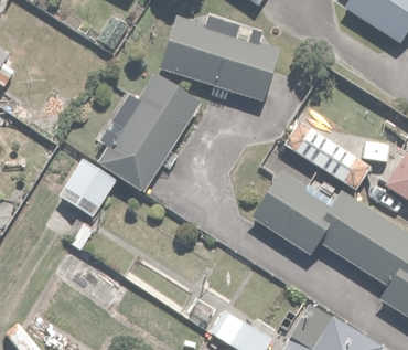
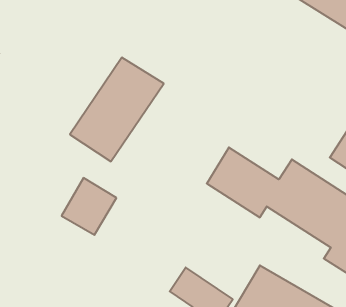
building: [159,18,278,97] -> none
building: [281,117,385,190] -> none
building: [56,155,117,218] -> [62,178,116,235]

